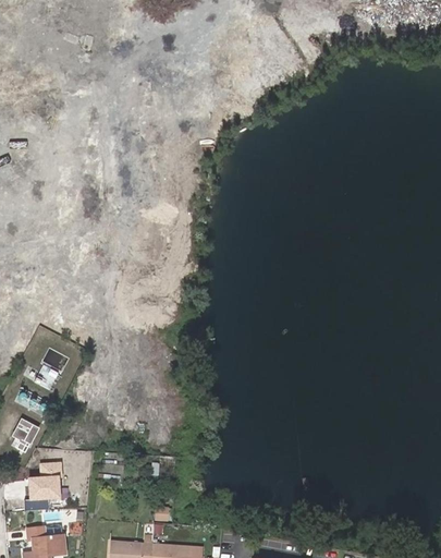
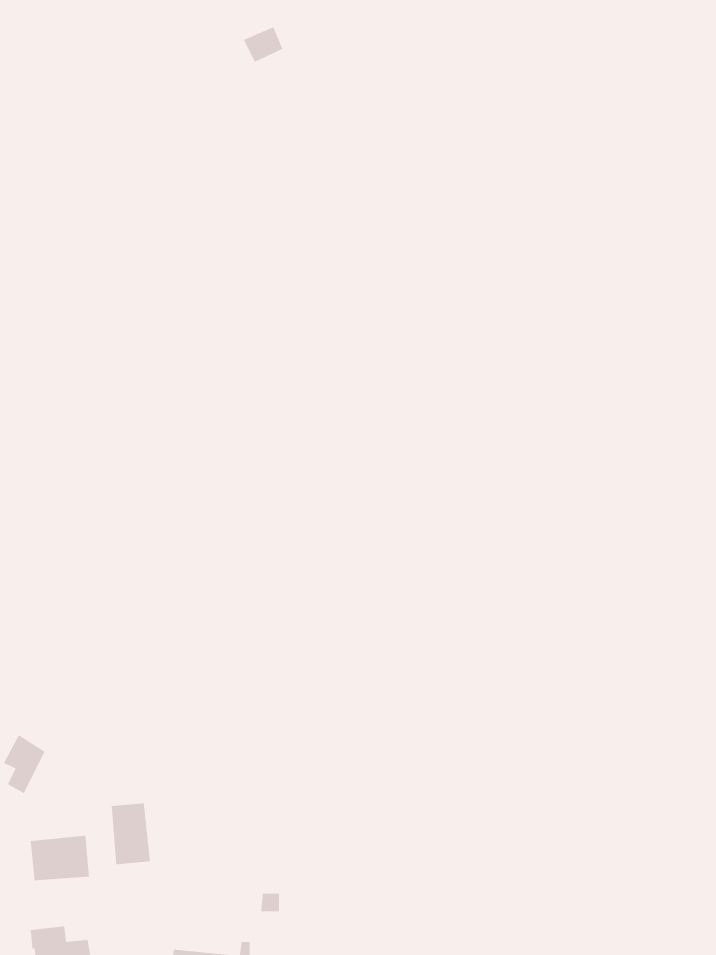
building: none -> [111,803,151,865]

